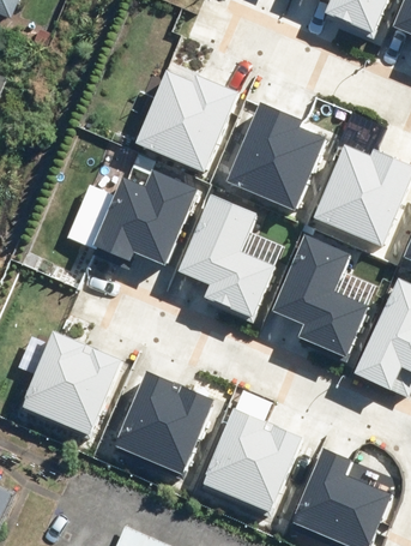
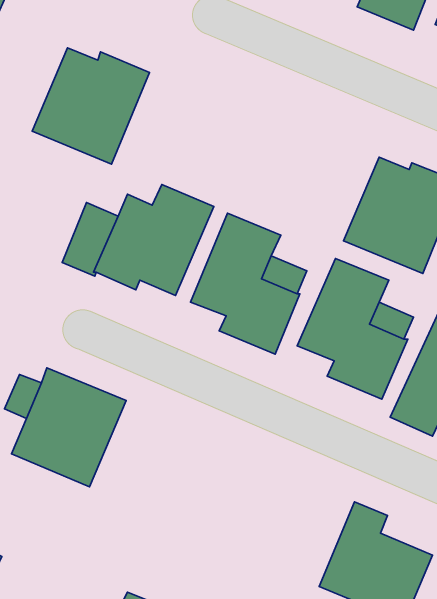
building: [135,71,238,173] -> [32,48,150,164]
building: [226,102,324,210] -> none
building: [115,371,214,474] -> none
building: [201,408,302,512] -> none

